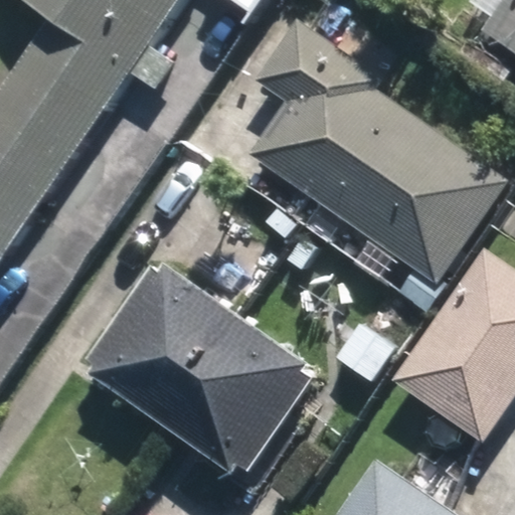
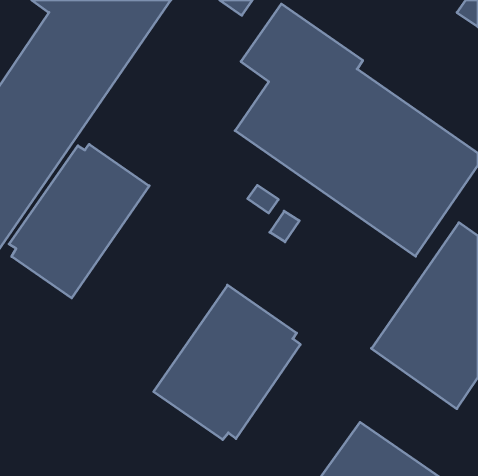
building: none -> [9,144,149,298]
building: [84,264,238,425] -> none

